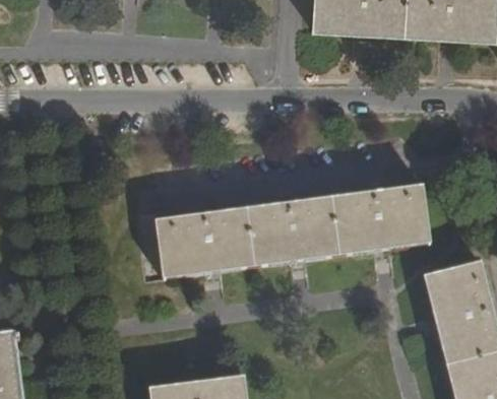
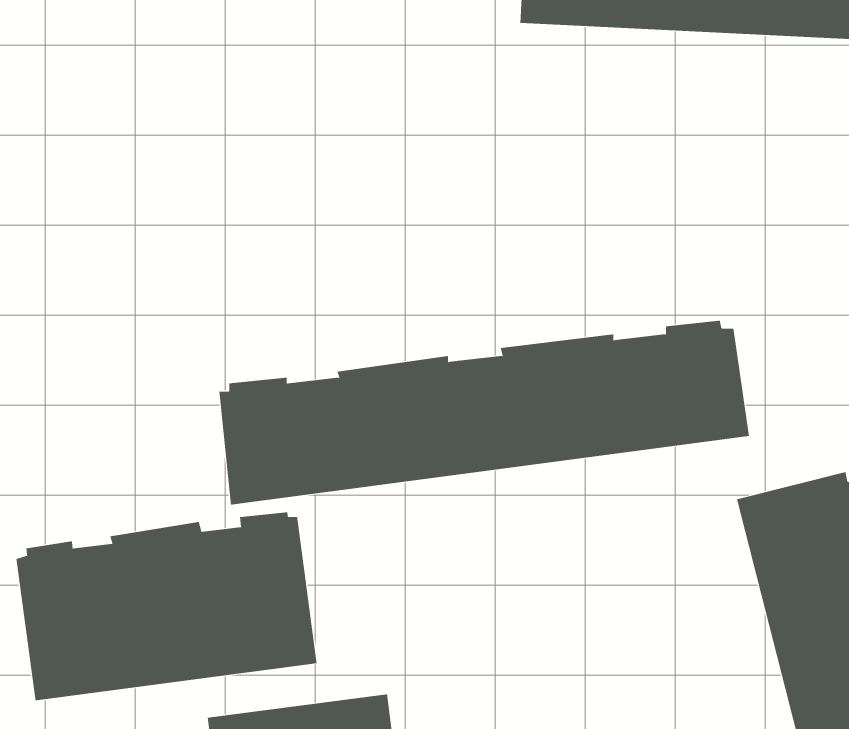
building: none -> [16,511,317,701]

